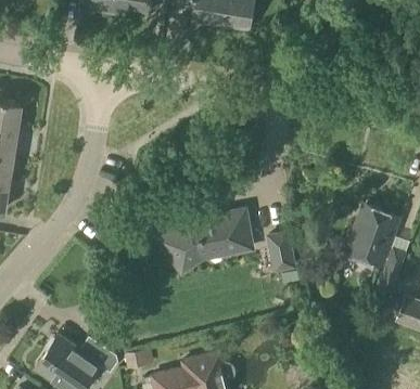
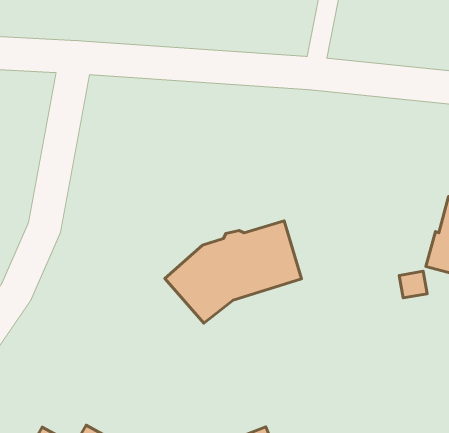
building: [267,229,296,272] -> none

